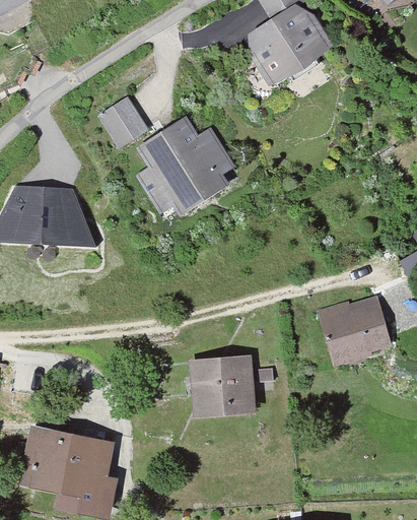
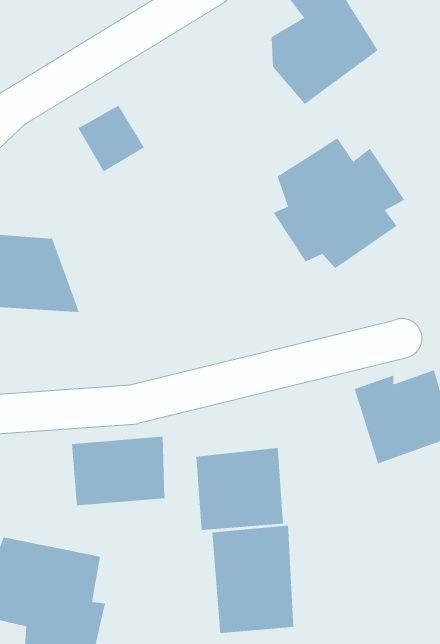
building: [133,116,236,218] -> [273,138,405,269]
building: none -> [71,436,165,506]
building: none -> [212,525,294,634]

